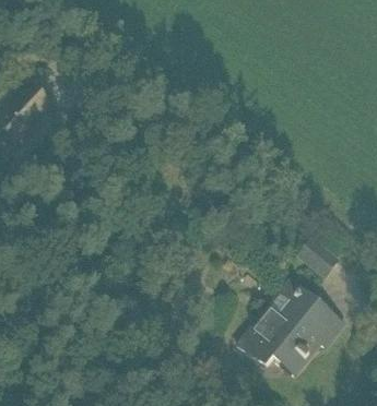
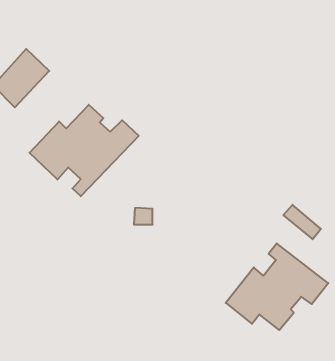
building: none -> [29,105,139,196]

